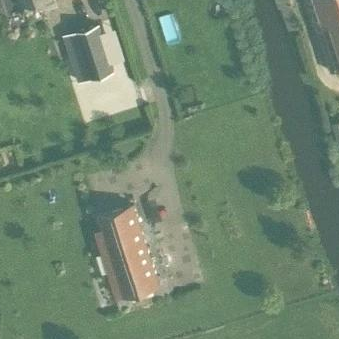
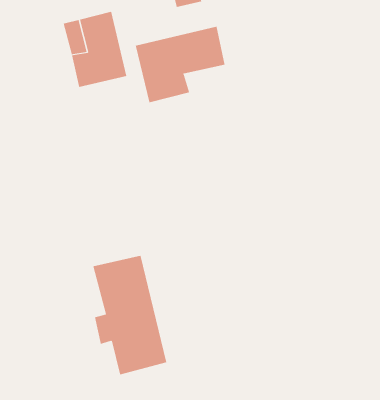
building: none -> [135,26,225,103]

